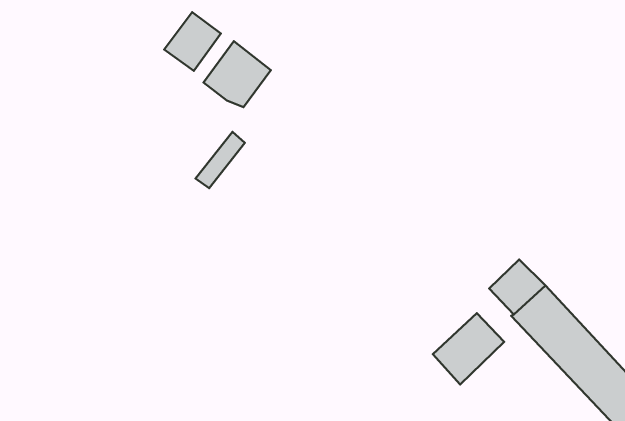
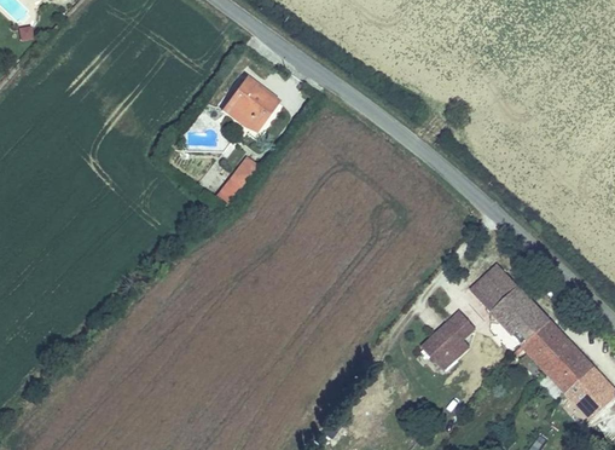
building: [164,12,221,71] -> none

